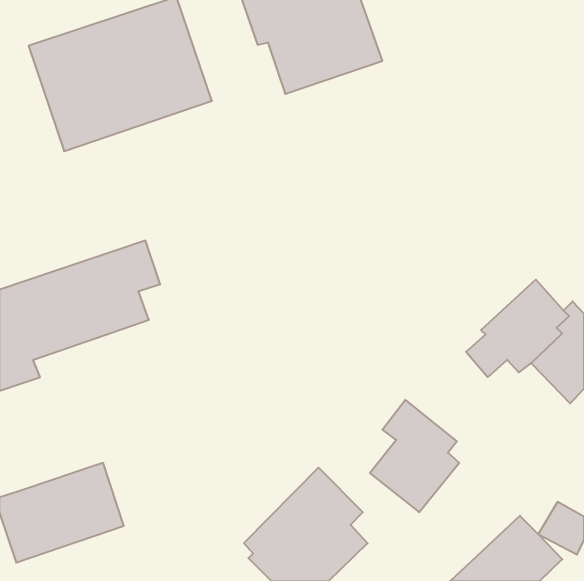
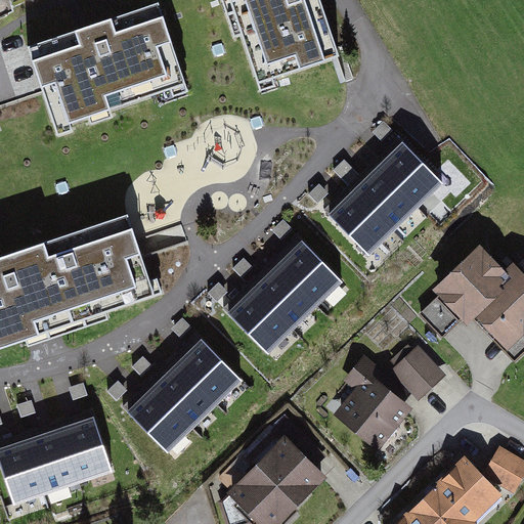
building: none -> [328,139,441,251]
building: none -> [225,236,342,353]
building: none -> [125,336,244,454]
building: none -> [392,348,447,403]

